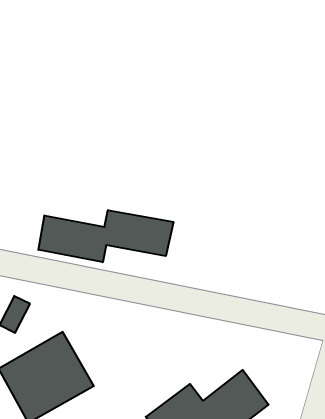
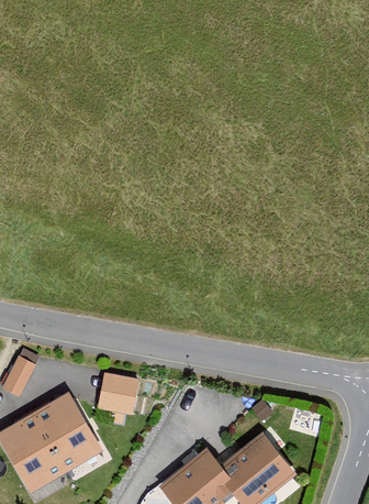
building: [38,210,173,262] -> none
building: none -> [96,370,138,413]

